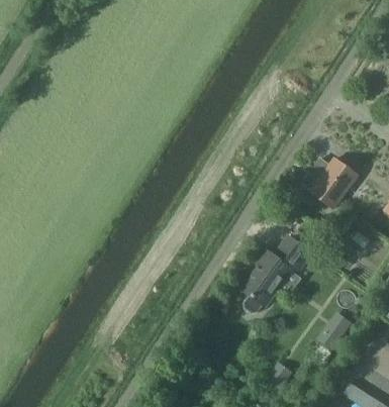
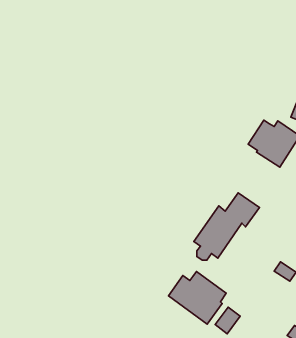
building: none -> [168,271,226,324]

